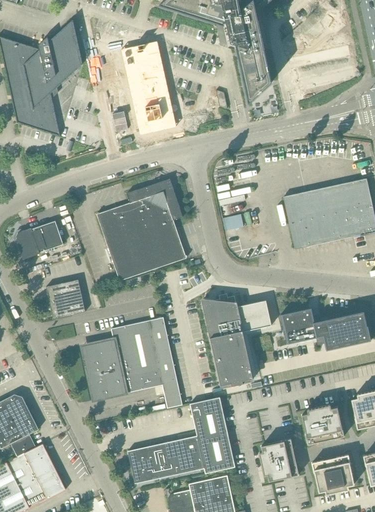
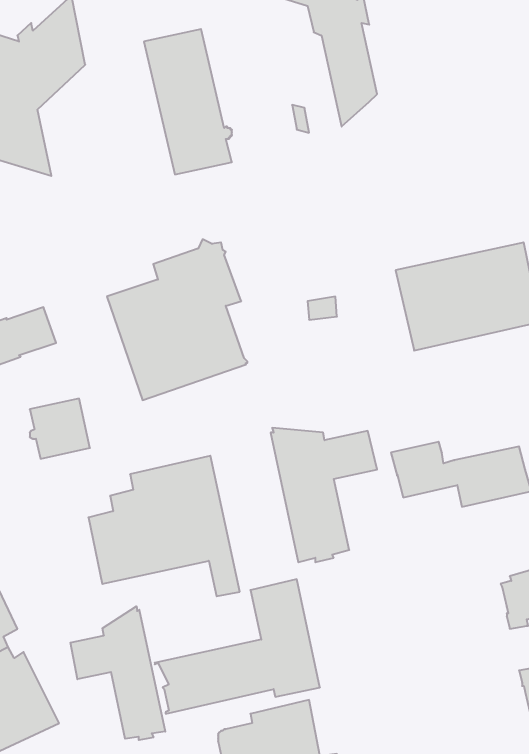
building: [302,404,344,444] -> none
building: none -> [70,606,165,740]
building: [259,438,298,480] -> none
building: [312,454,354,493] -> none

